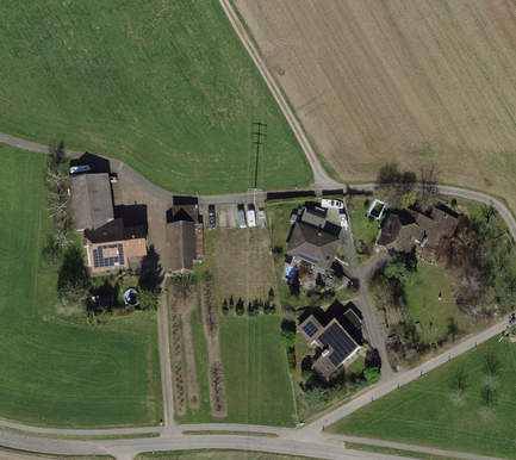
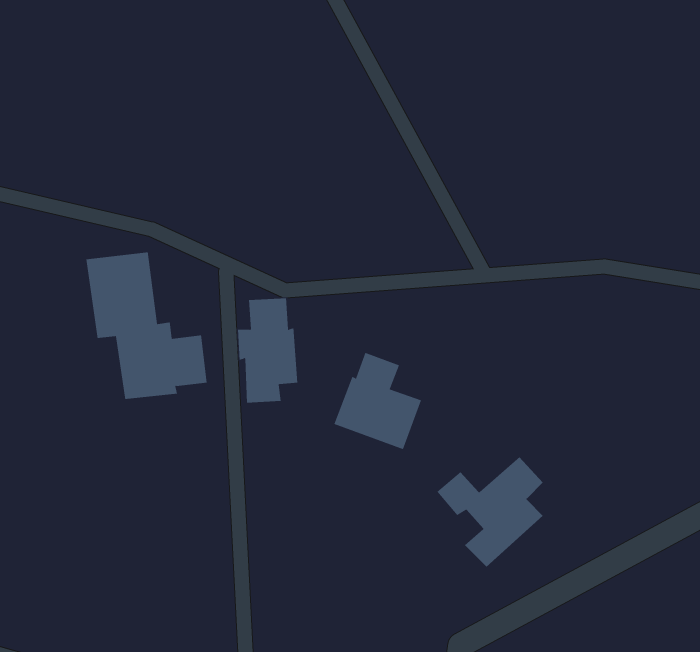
building: [375,204,459,256] -> none
building: [286,205,343,268] -> [333,352,422,450]

